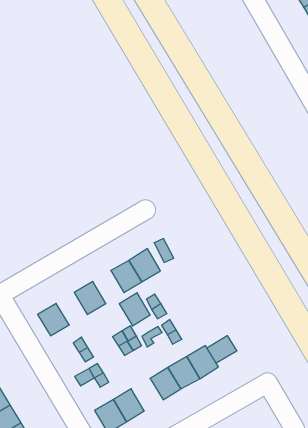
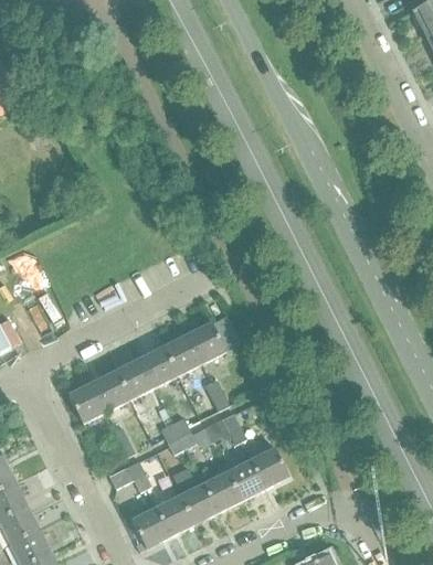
building: none -> [93,371,130,411]
building: [119,293,150,326] -> [140,347,178,387]
building: [207,336,237,363] -> none
building: none -> [179,484,218,524]

